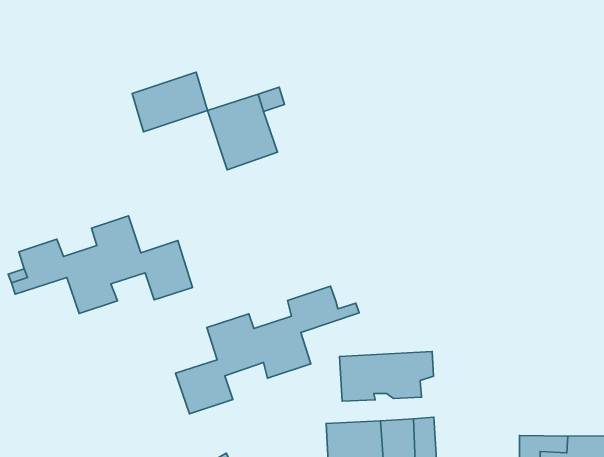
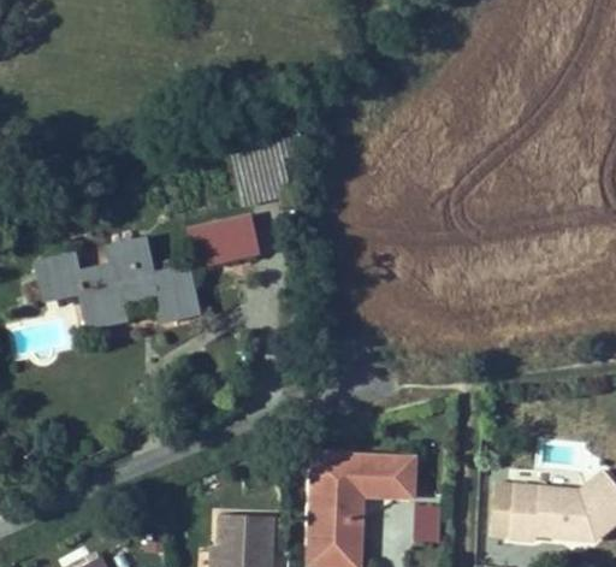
building: [132,72,208,132] -> [190,215,260,267]
building: [175,286,359,414] -> none
building: [339,351,434,401] -> none

